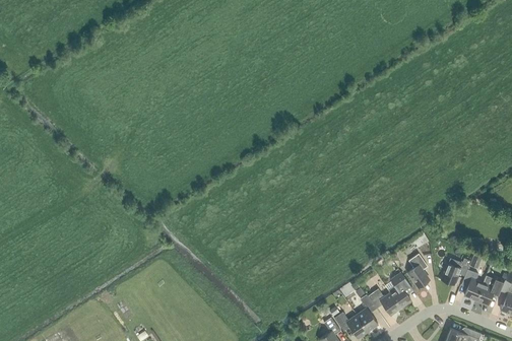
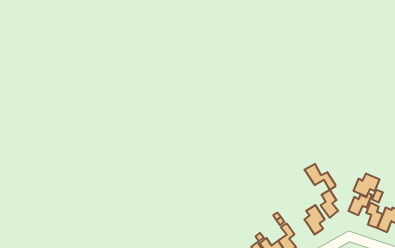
building: none -> [304,164,335,190]
building: none -> [354,173,379,196]
building: [368,288,400,315] -> none

